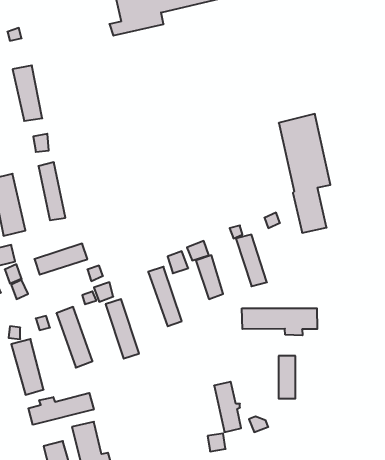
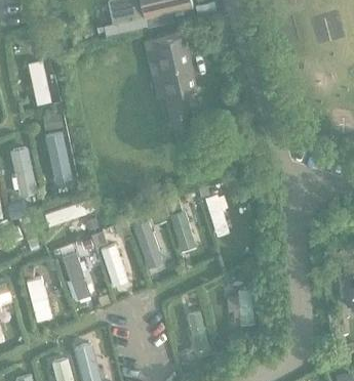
building: [279,114,330,233] -> [155,34,196,128]
building: [242,308,317,335] -> none
building: [28,393,94,425] -> none

